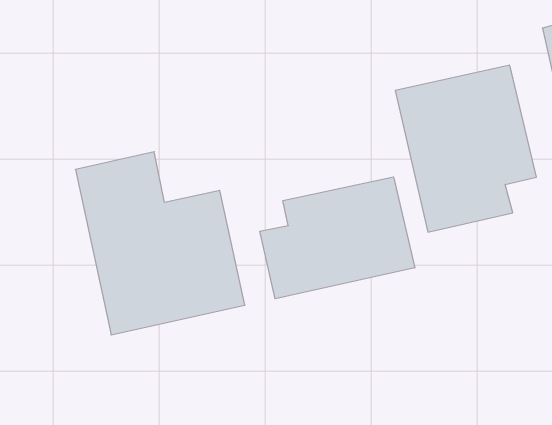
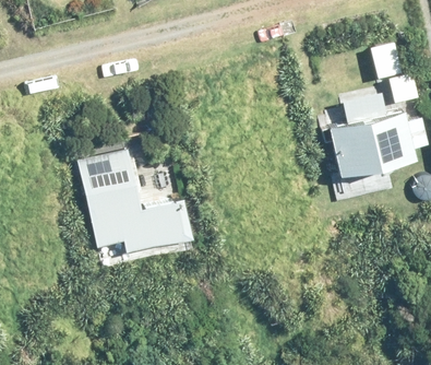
building: [260,177,415,299] -> none

